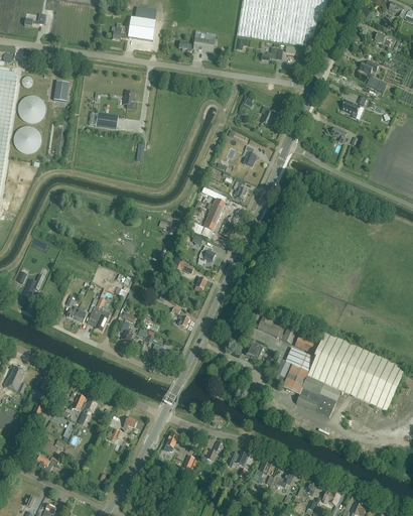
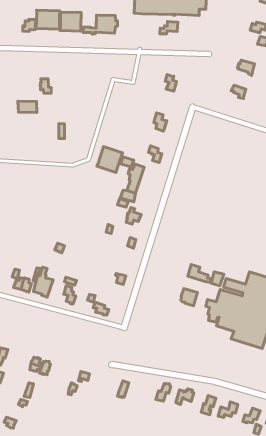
building: none -> [60,12,81,31]
building: none -> [97,146,123,172]

